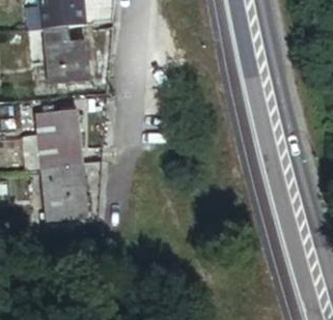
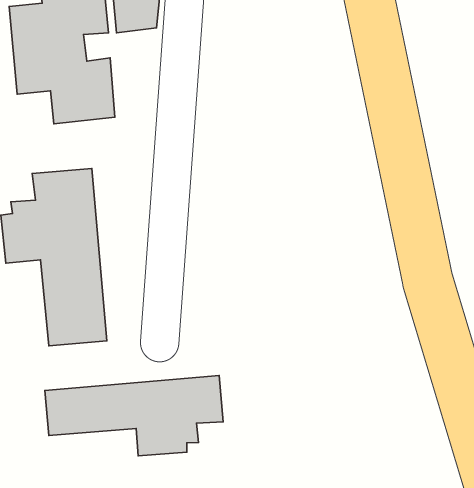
building: none -> [45,375,223,456]

